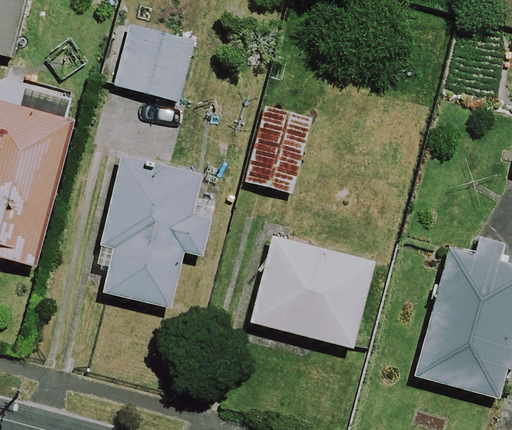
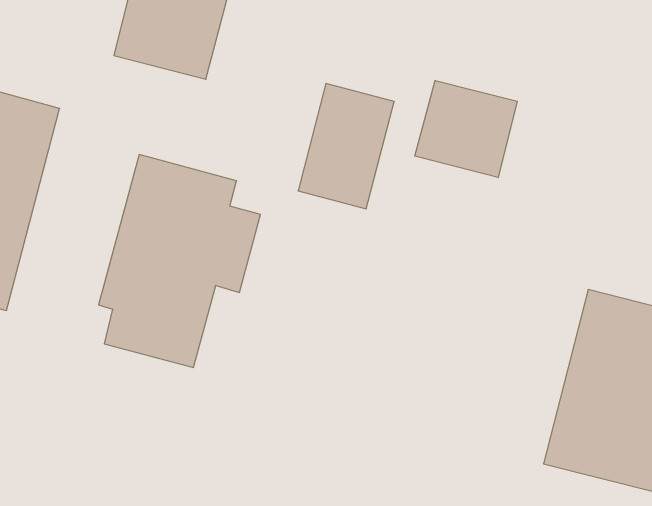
building: none -> [415,80,517,178]
building: [249,234,372,348] -> none

